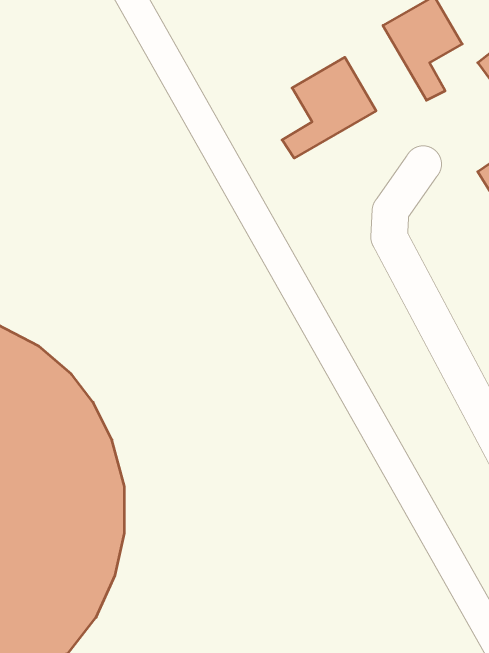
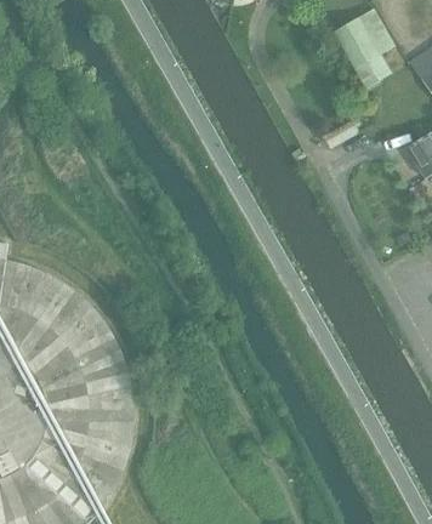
building: [282,57,376,158] -> none

